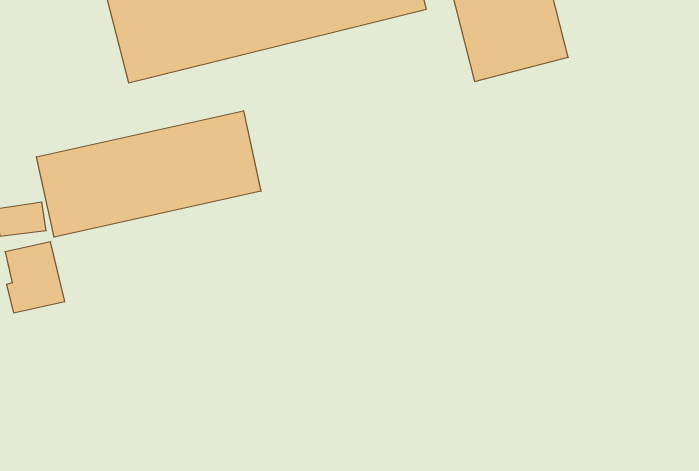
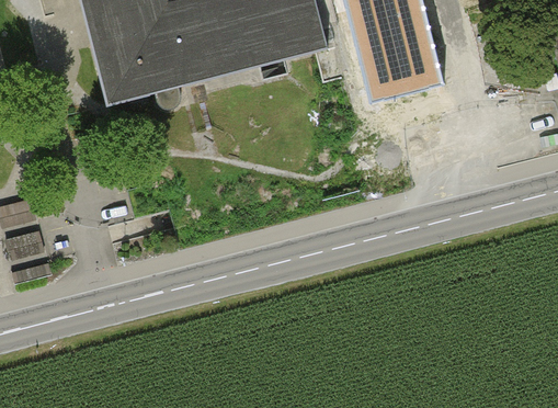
building: [36,111,261,237] -> none

